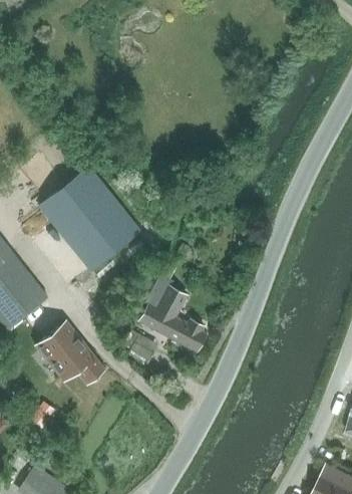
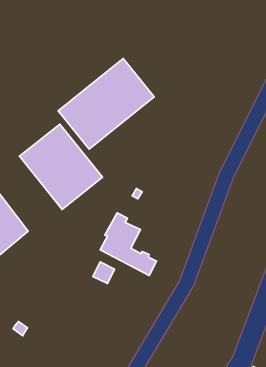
building: none -> [58,59,154,149]
building: [34,320,104,384] -> none

